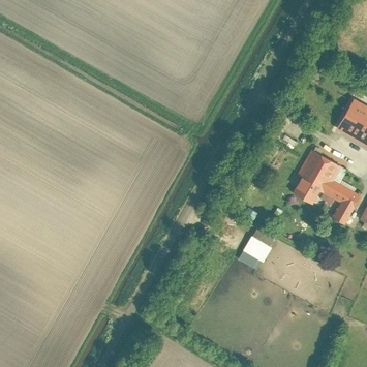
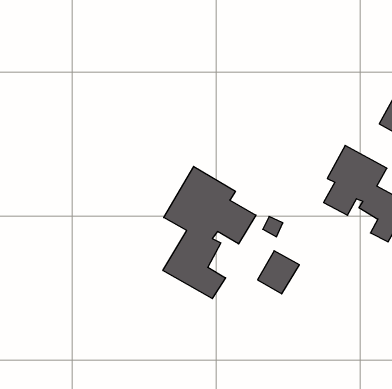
building: none -> [163,166,256,299]

